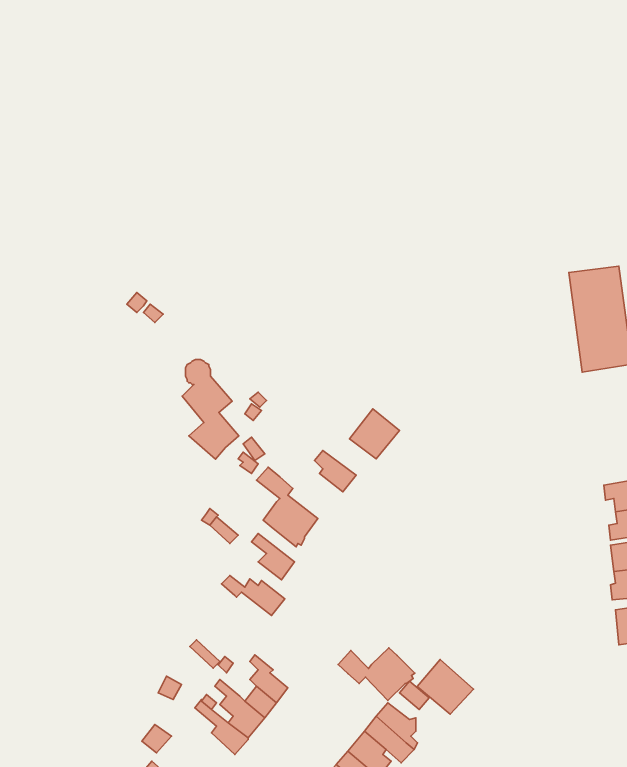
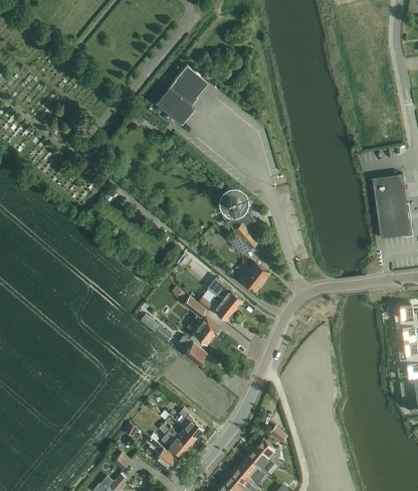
building: none -> [155,65,208,124]
building: [182,360,239,459] -> [224,195,258,256]
building: [222,576,285,615] -> [197,297,235,321]
building: [338,648,415,700] -> none
building: [417,660,473,714] -> none

